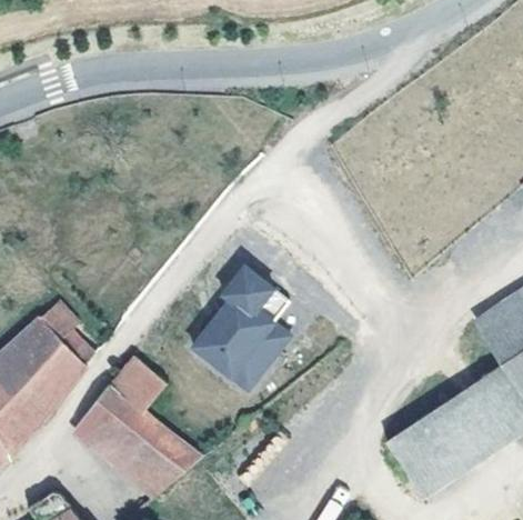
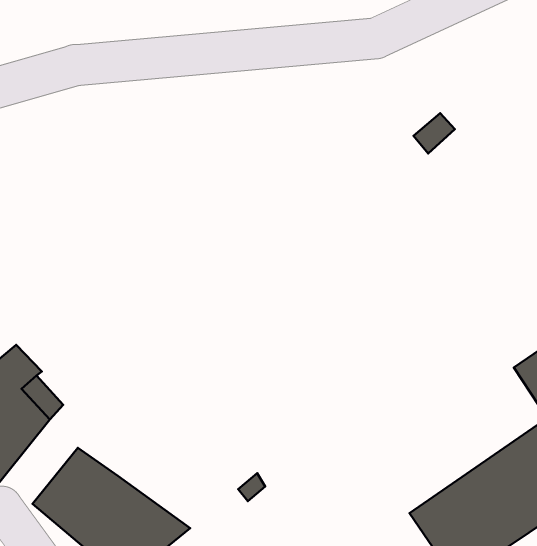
building: [192,264,291,389] -> none
building: [111,358,168,411] -> none

